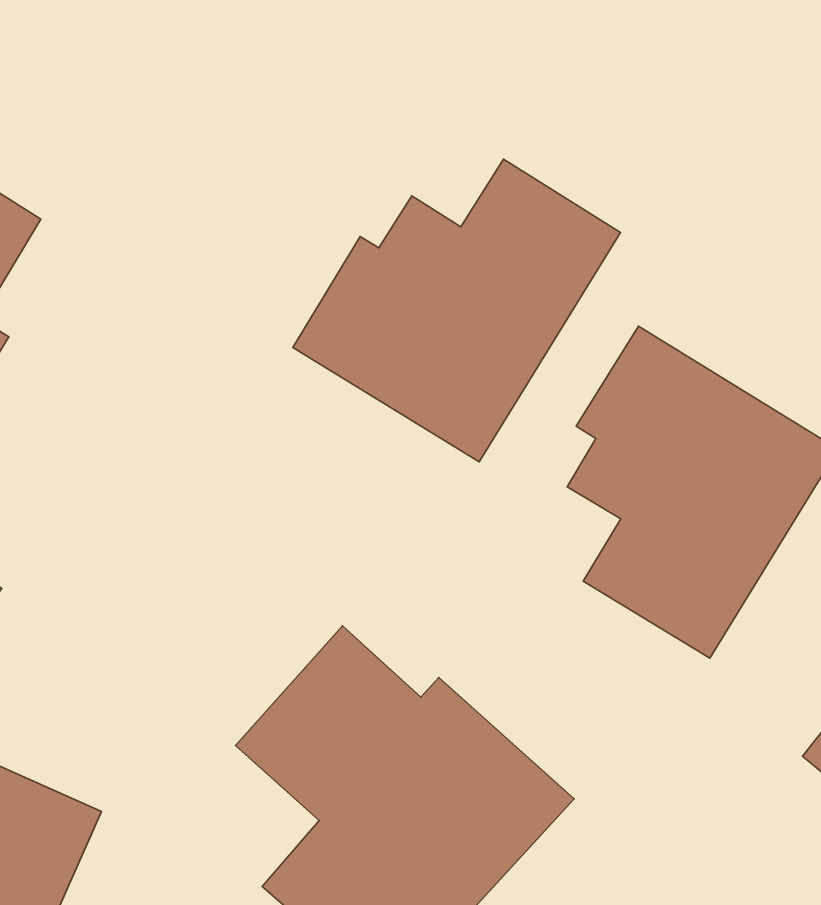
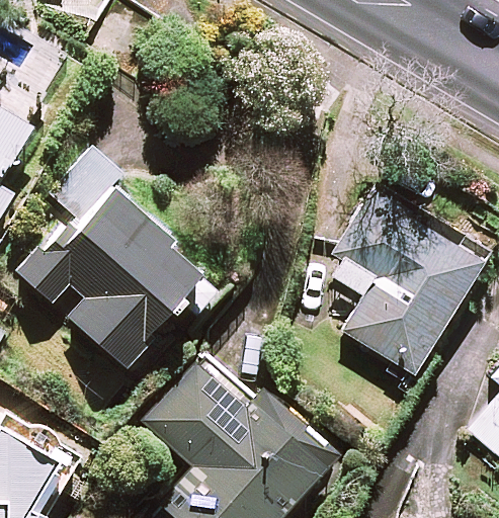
building: [293,159,620,462] -> none
building: none -> [21,183,210,368]

